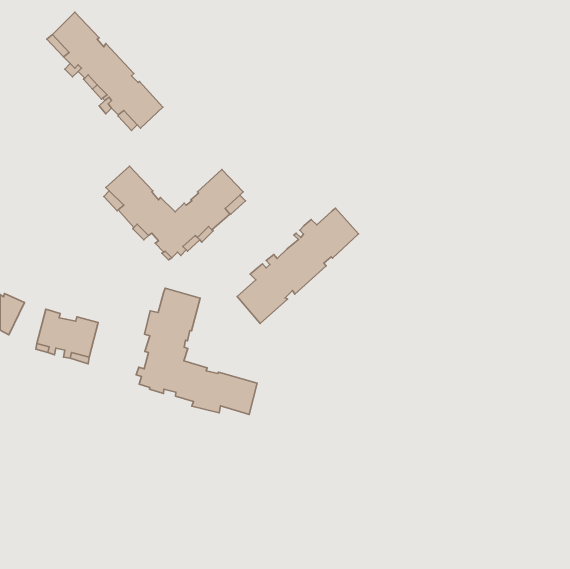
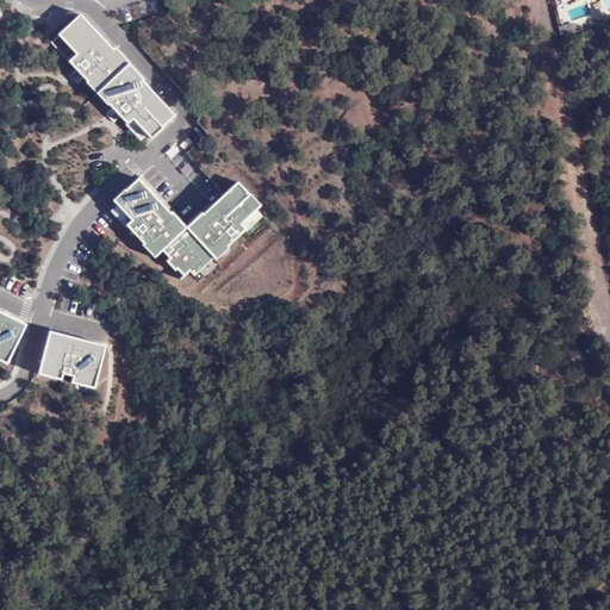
building: [237,208,359,323] -> none
building: [136,288,257,414] -> none

